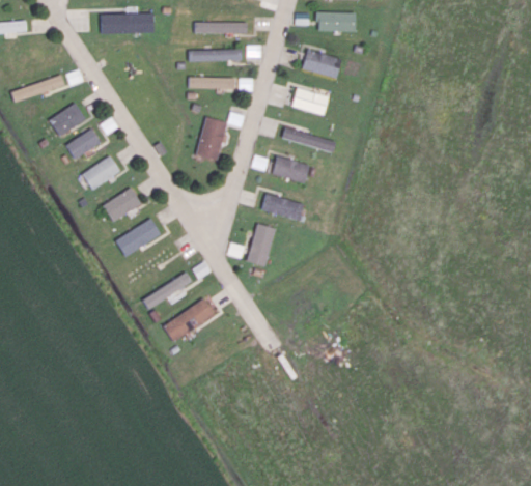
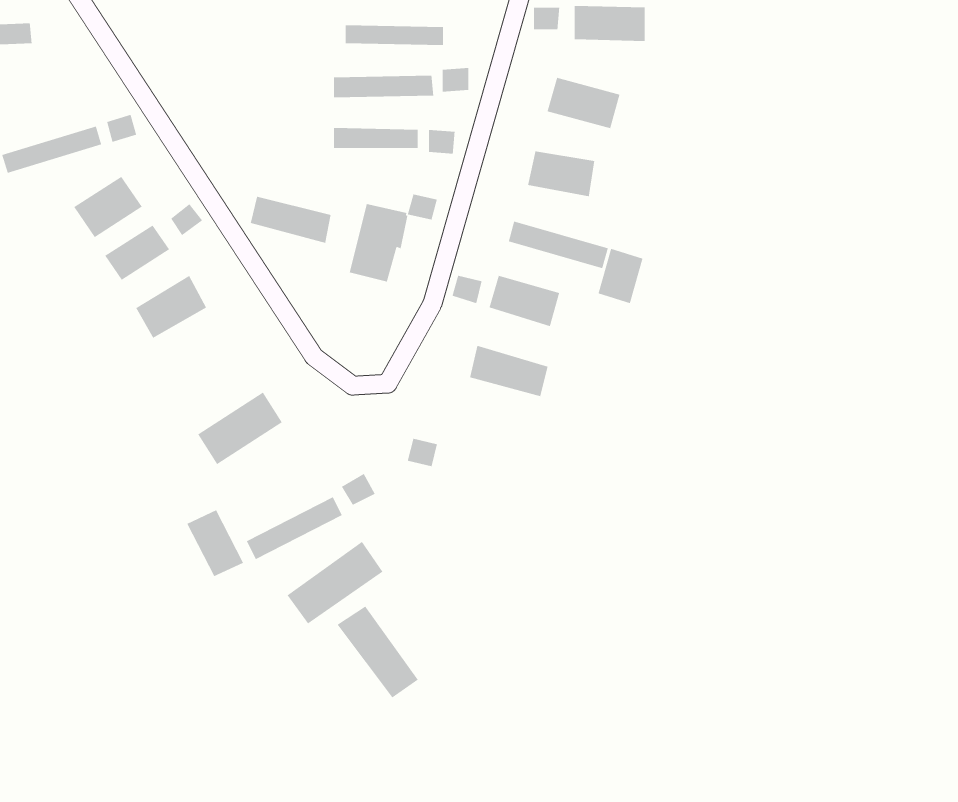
building: [102,13,153,33] -> none
building: none -> [250,196,332,244]
building: none -> [597,248,644,304]
building: [103,188,141,222] -> none
building: [246,223,275,266] -> none
building: none -> [186,509,244,577]
building: none -> [337,605,419,698]

